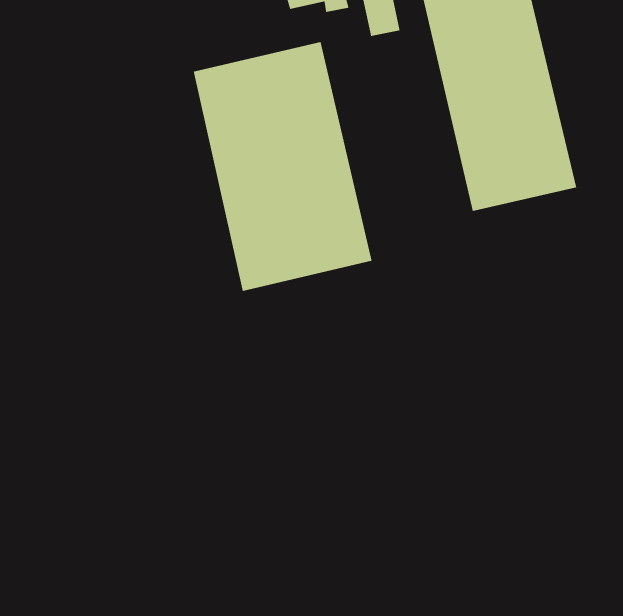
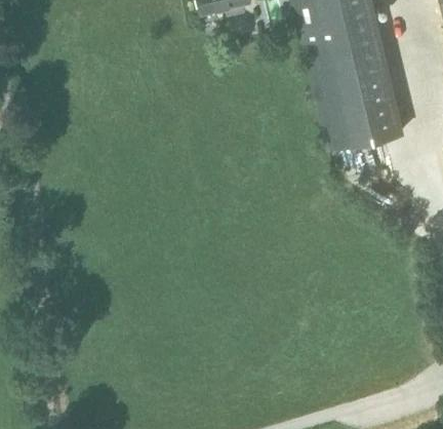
building: [193,41,372,292] -> none

